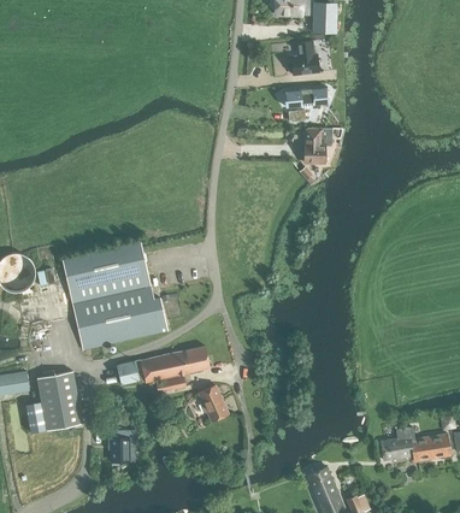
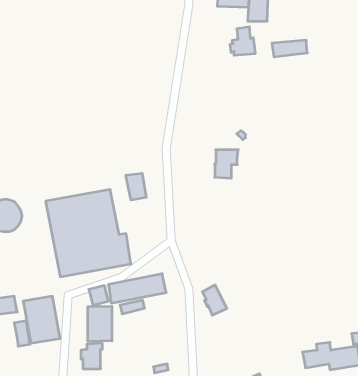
building: [284,88,328,108] -> [272,40,307,57]
building: [303,129,332,164] -> [215,150,238,178]
building: none -> [126,173,146,200]
building: none -> [88,306,112,341]
building: [199,385,229,423] -> [202,285,227,315]

